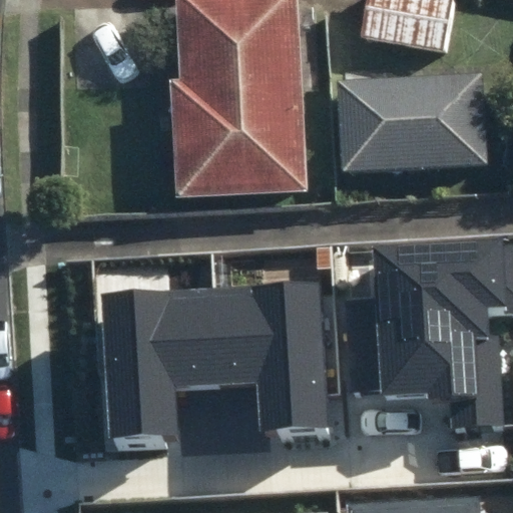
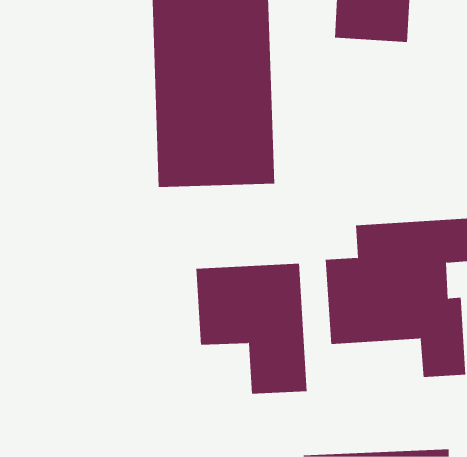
building: [333,74,485,170] -> none
building: [110,292,222,436] -> none

